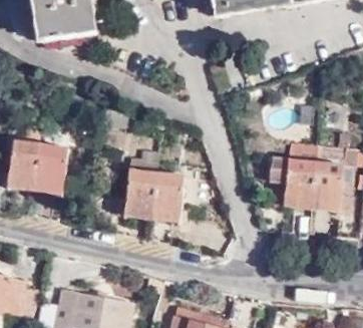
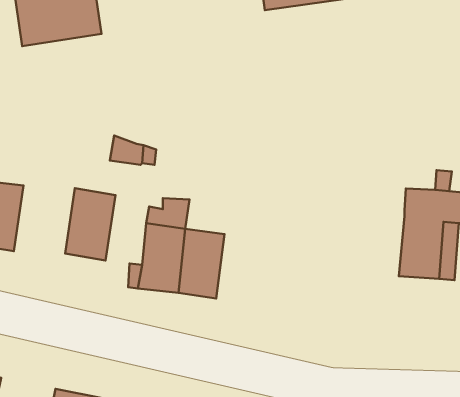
building: [33,141,69,194] -> [65,188,115,260]
building: [282,157,314,207] -> none

